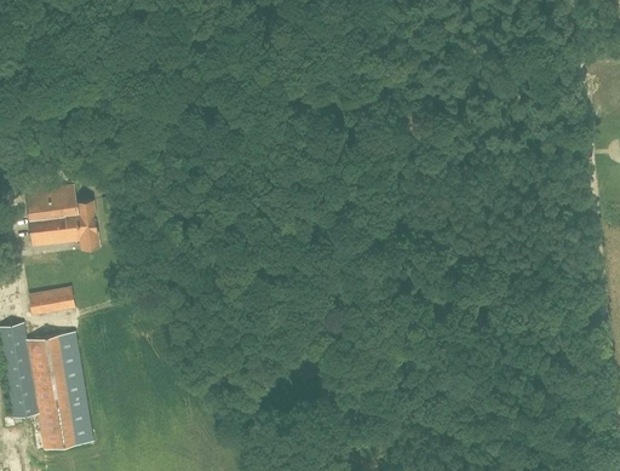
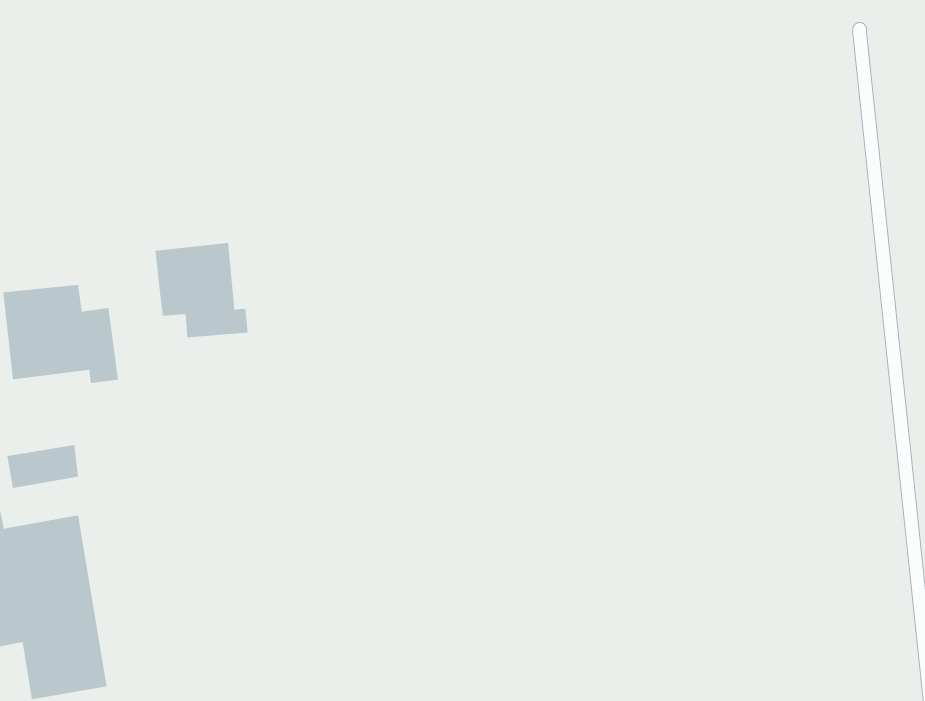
building: none -> [155,242,248,338]

